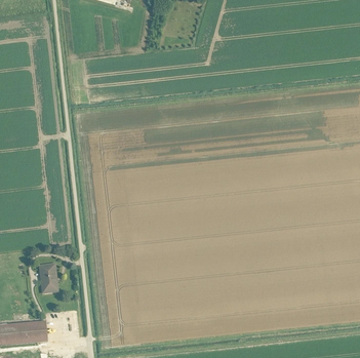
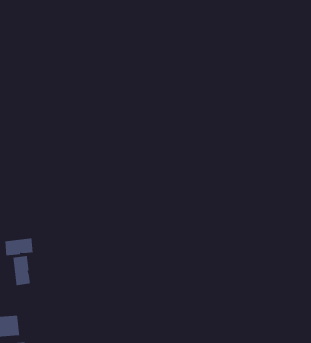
building: none -> [4,238,33,256]

